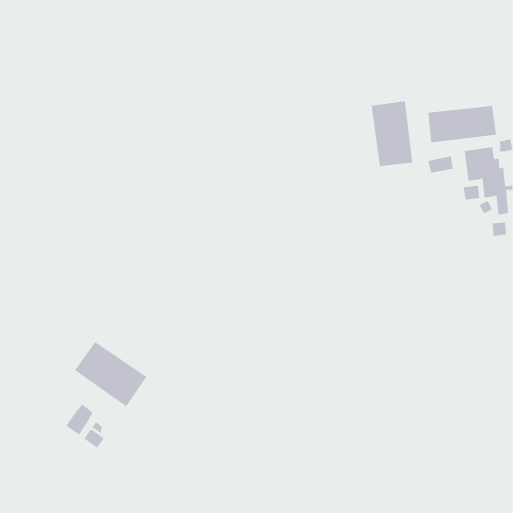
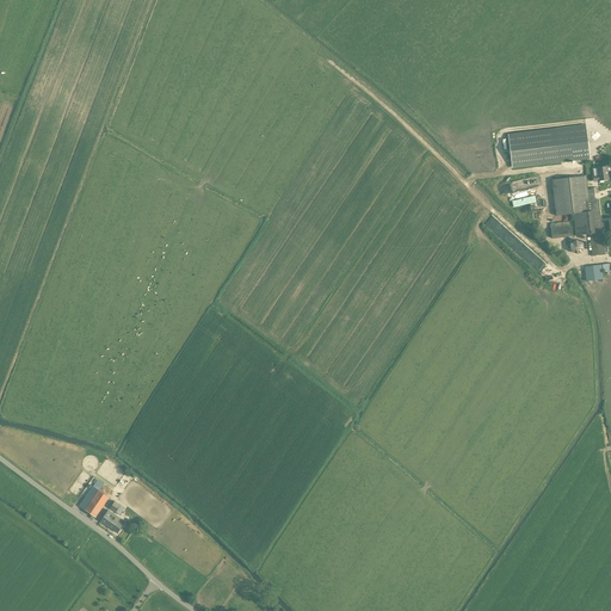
building: [371,100,413,167] -> none
building: [74,341,147,407] -> none

